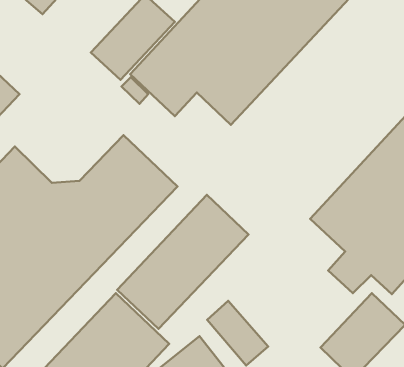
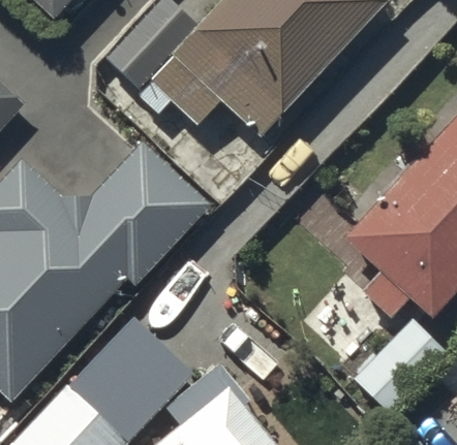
building: [117,195,248,329] -> none

